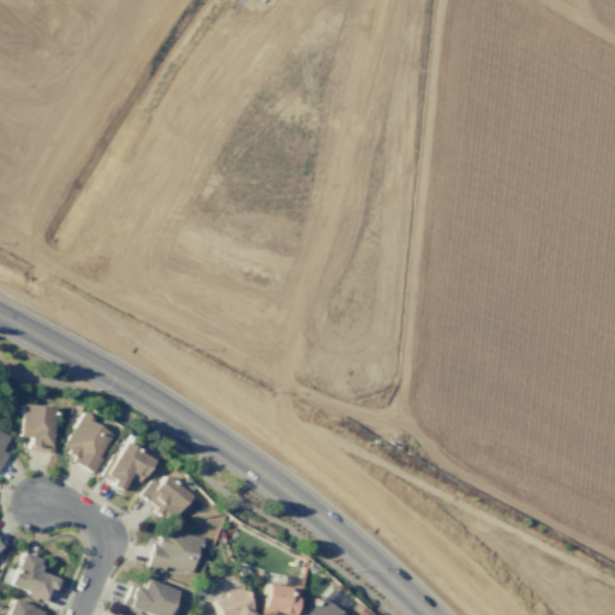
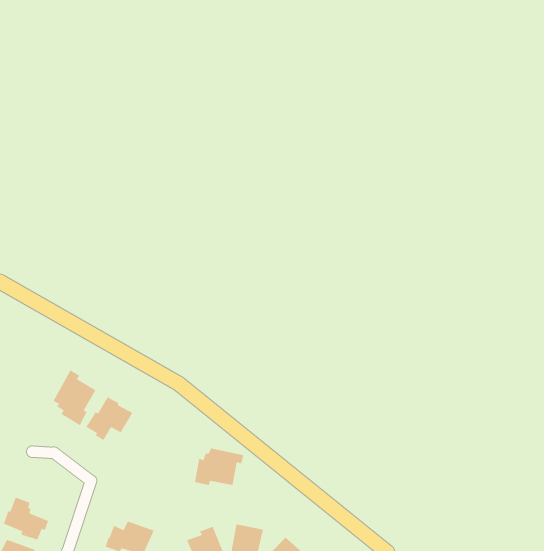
building: [24,405,59,454] -> none
building: [143,476,195,518] -> none
building: [153,530,208,572] -> [194,448,244,485]

